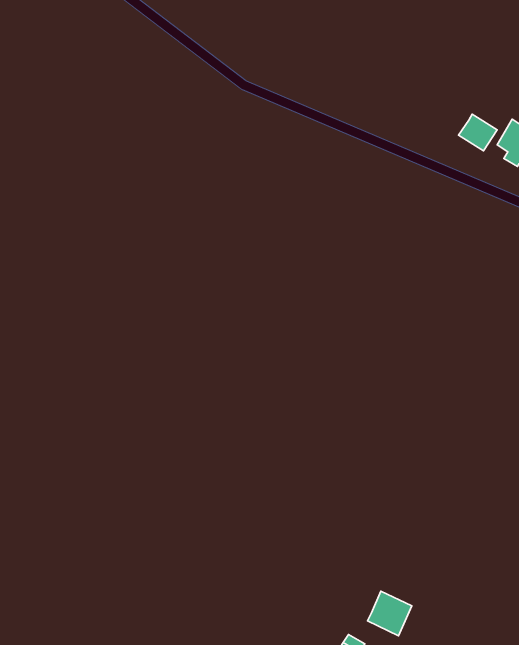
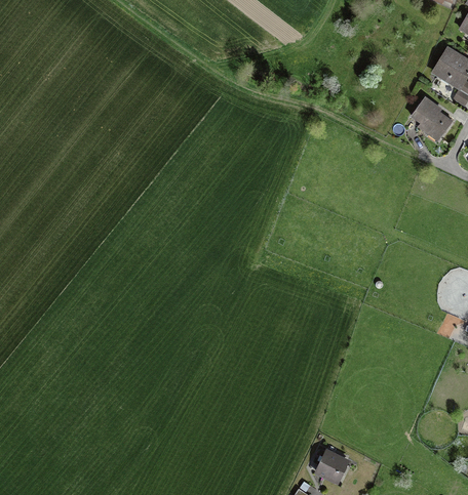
building: [459,114,497,151] -> none

